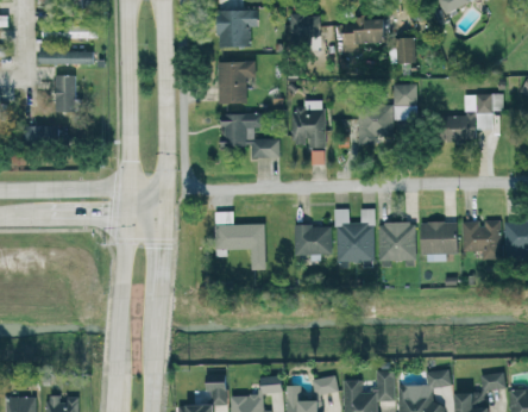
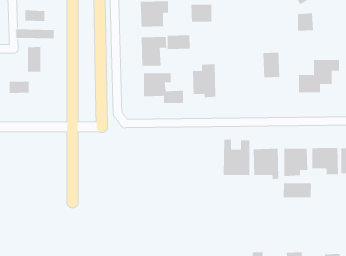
building: [340,19,385,52] -> none
building: [392,37,416,63] -> [297,13,314,31]
building: none -> [167,35,190,50]
building: [358,105,394,144] -> none
building: [215,212,266,270] -> none
building: [295,225,332,261] -> none
building: none -> [283,182,312,198]

